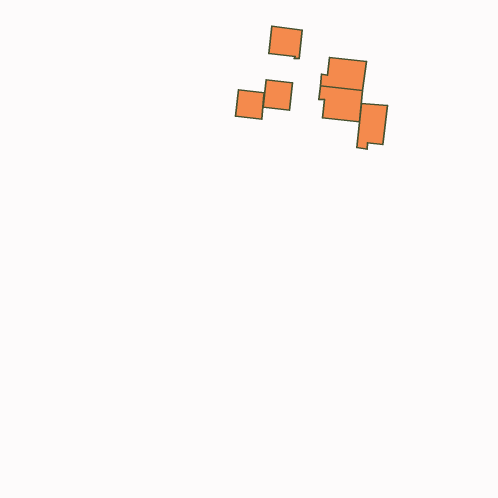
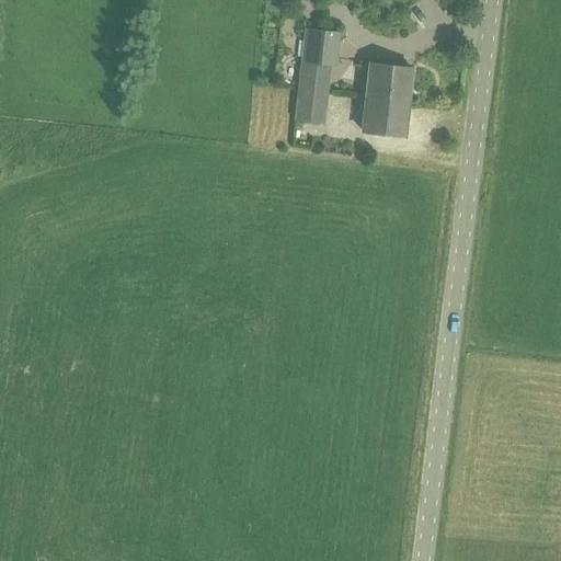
building: [235,90,265,119] -> [299,60,332,93]
building: [357,103,387,149] -> none

